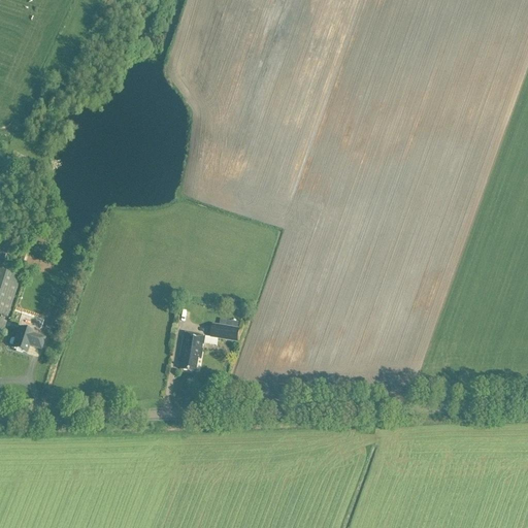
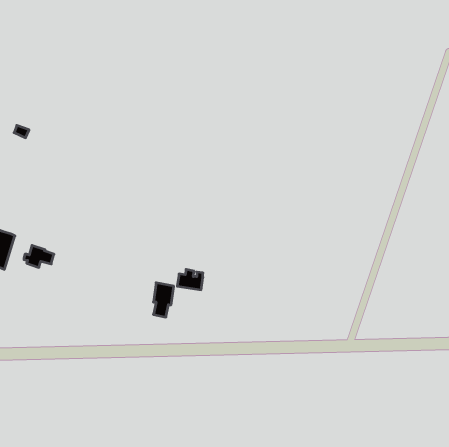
building: [7,325,42,351] -> [24,245,54,267]

